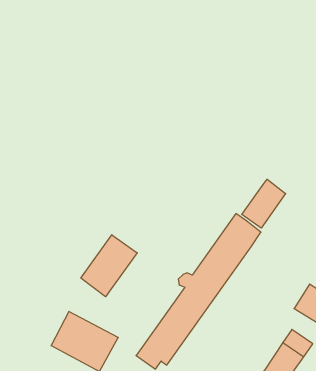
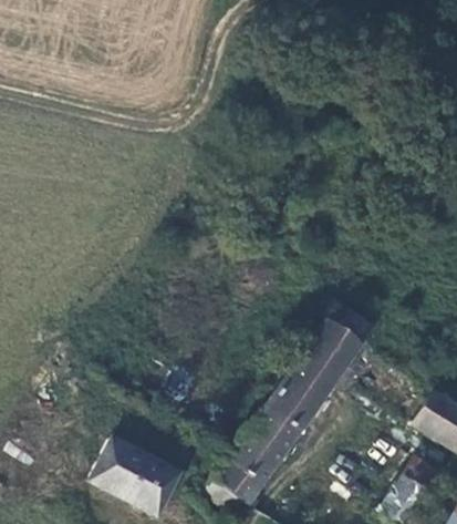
building: [242,179,286,228] -> none
building: [81,235,137,297] -> none

